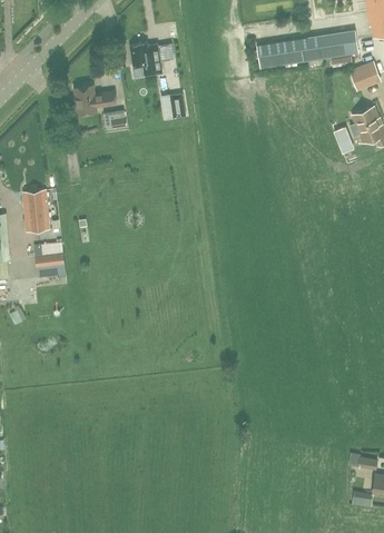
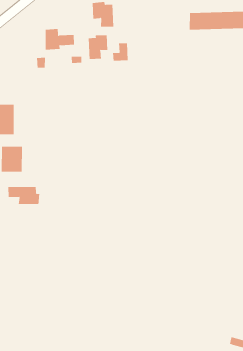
building: none -> [88,35,108,60]
building: none -> [8,186,40,205]

